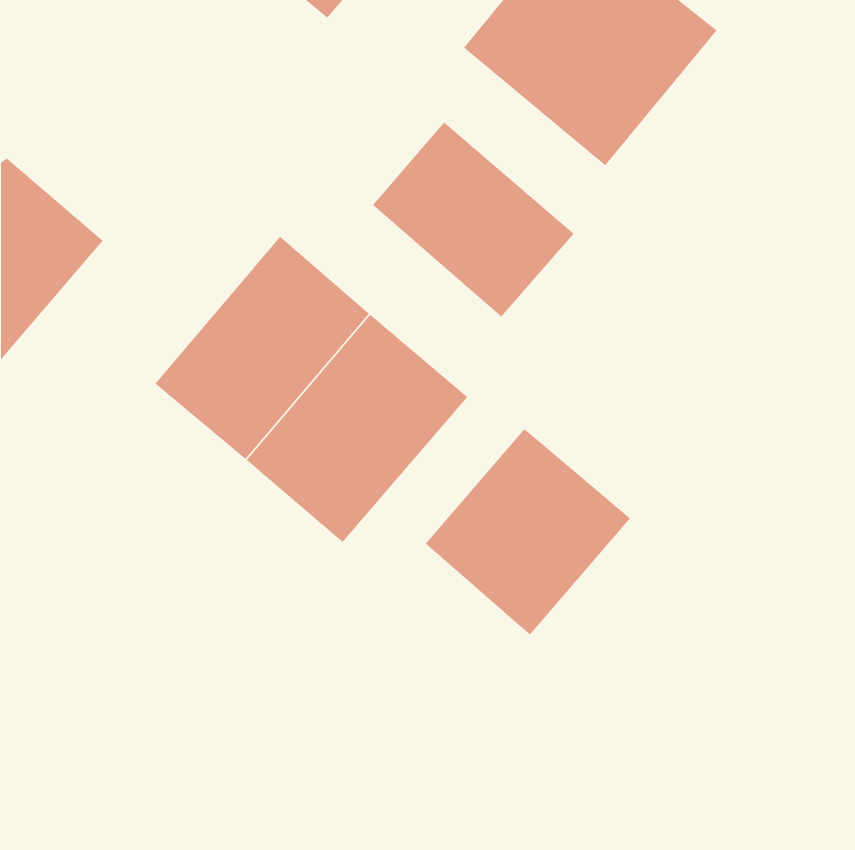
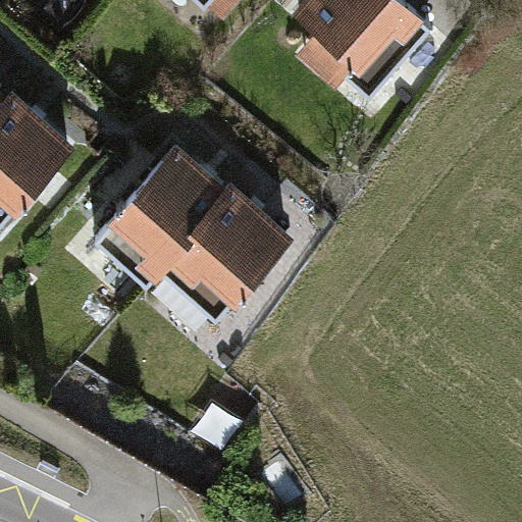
building: [372,122,574,317] -> none
building: [425,428,631,635] -> none

